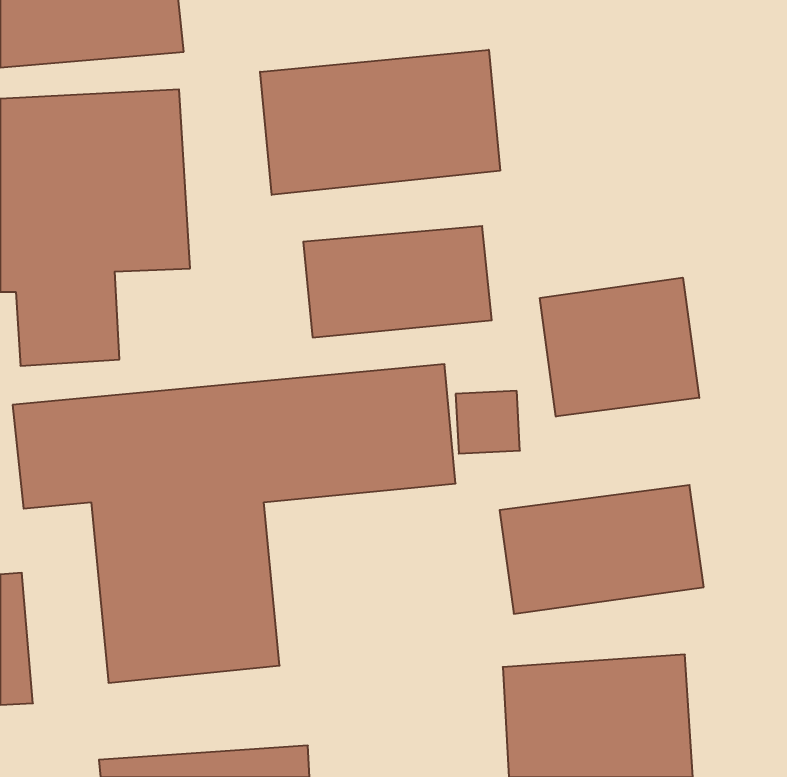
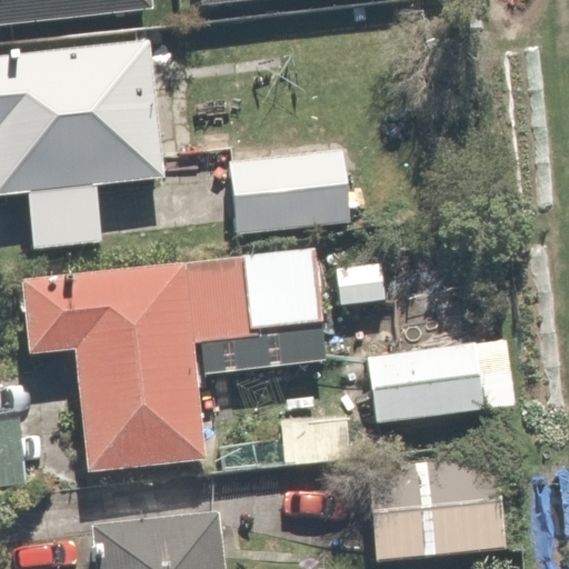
building: [260,50,500,195] -> none
building: [540,278,699,417] -> none

